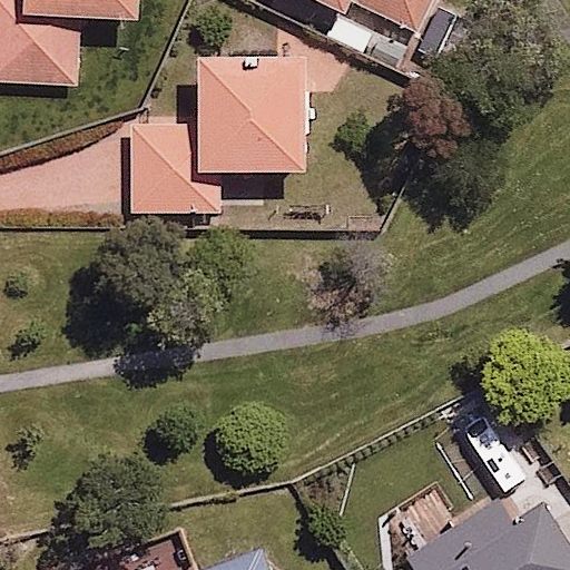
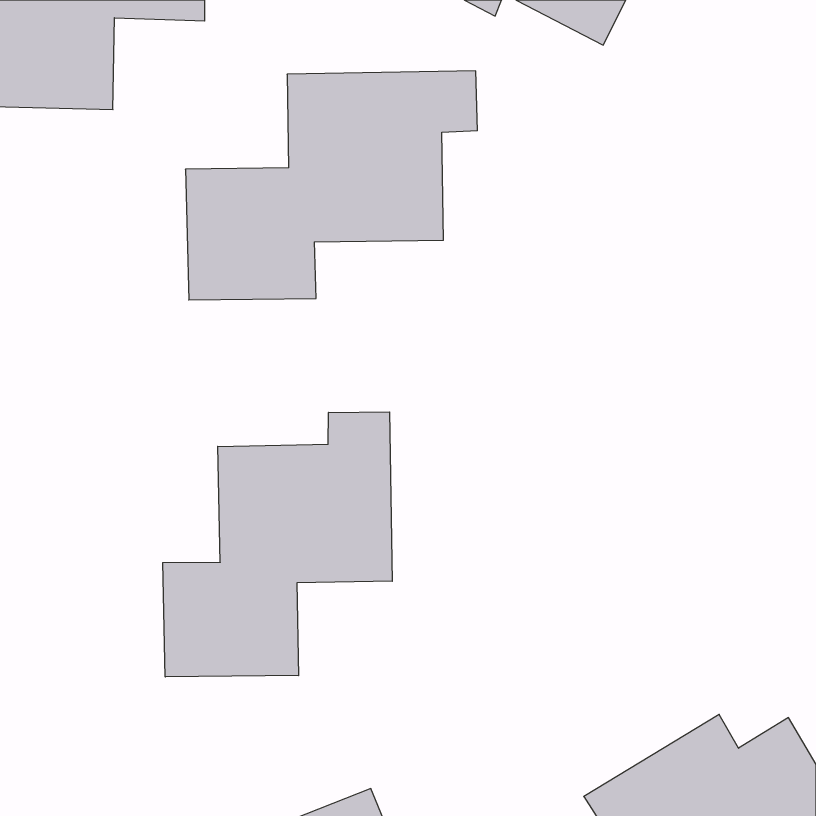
building: none -> [163,412,392,677]

